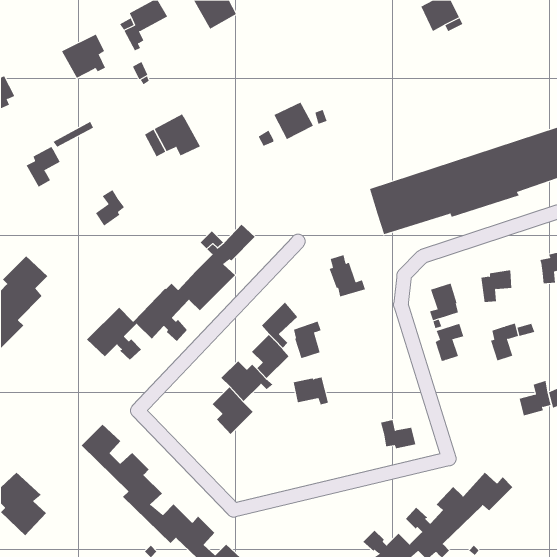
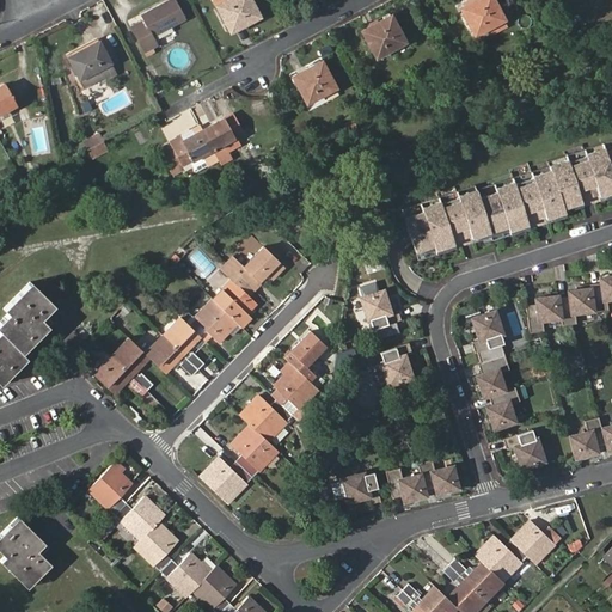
building: none -> [362,16,406,59]
building: [273,102,314,140] -> [293,62,337,104]
building: none -> [203,114,245,164]
building: [26,146,61,187] -> none
building: [95,189,125,227] -> none
building: none -> [561,289,595,325]
building: [293,321,321,359] -> [381,341,412,382]
building: [490,323,519,361] -> [488,387,519,429]
building: [293,377,329,405] -> [339,473,379,504]
building: none -> [502,430,543,469]
building: none -> [202,457,253,502]
building: none -> [384,470,424,501]

